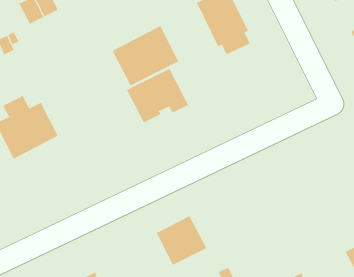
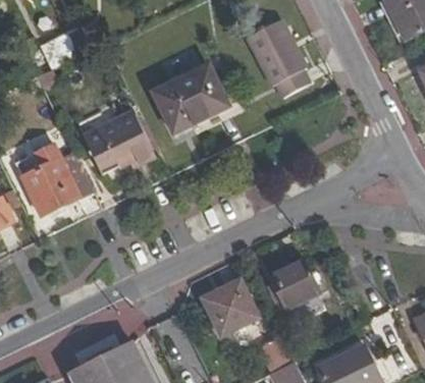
building: [126,68,189,123] -> [84,113,154,175]
building: none -> [270,258,318,306]

